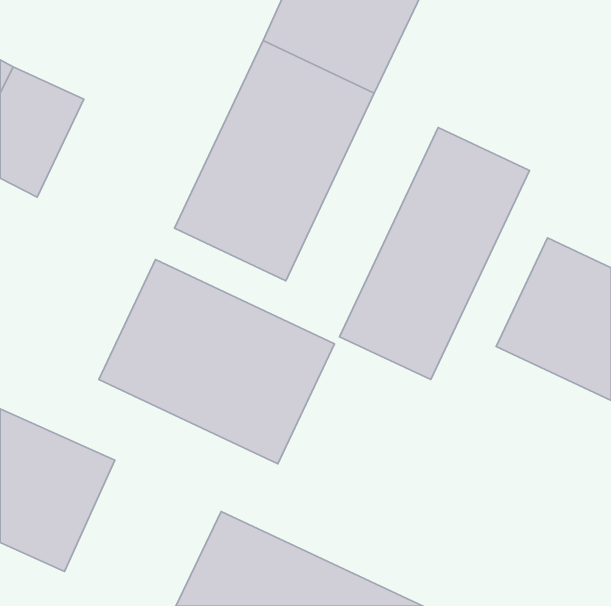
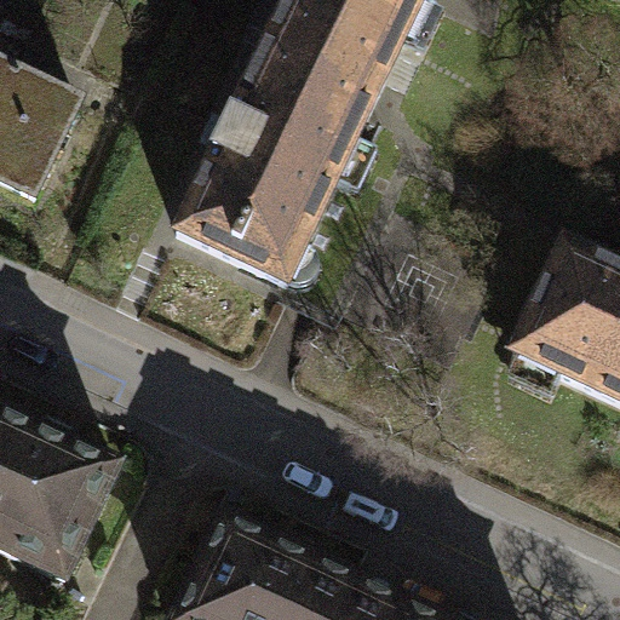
building: [340,128,529,380] -> none
building: [99,259,334,464] -> none

